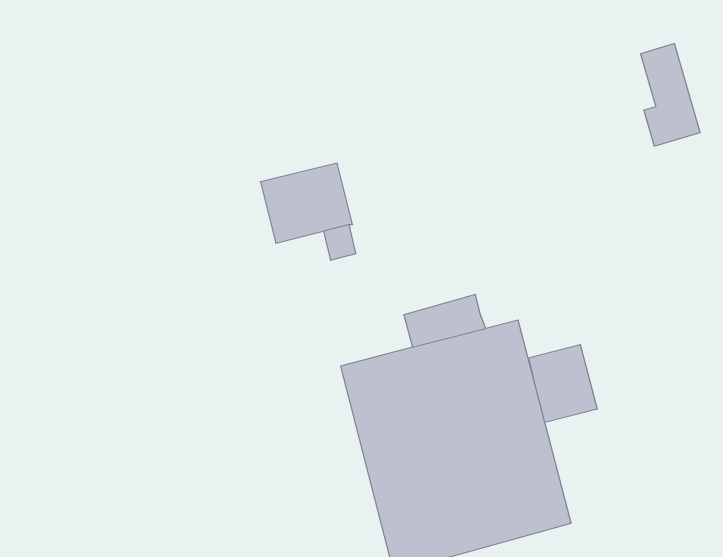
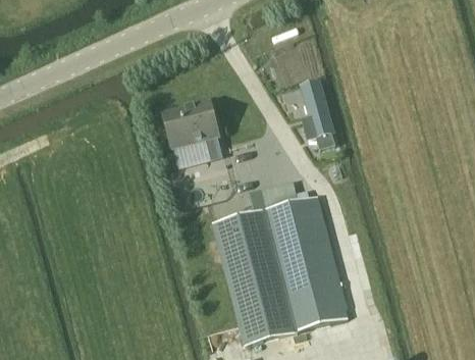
building: [640,44,700,146] -> [299,81,334,142]
building: [528,344,597,422] -> none

